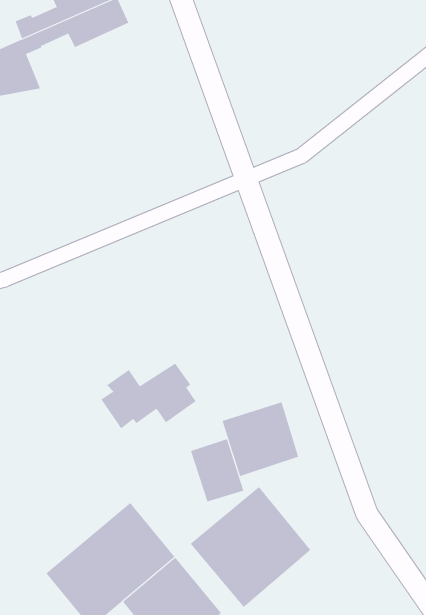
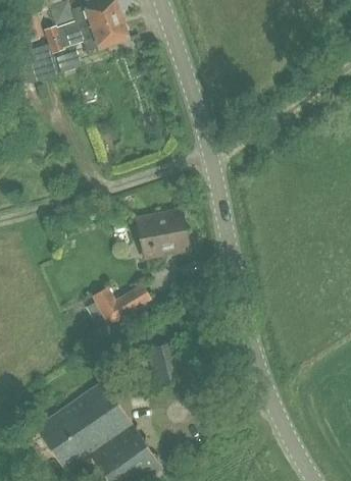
building: none -> [137,211,188,255]
building: [222,402,299,477] -> none
building: [190,486,311,608] -> none

